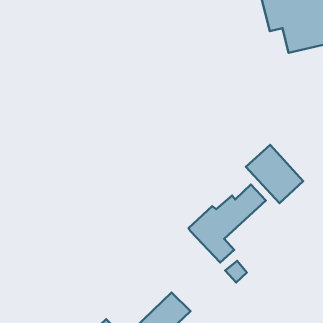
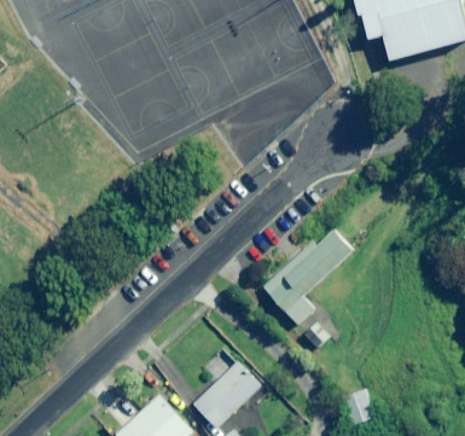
building: [246,145,303,203] -> none

